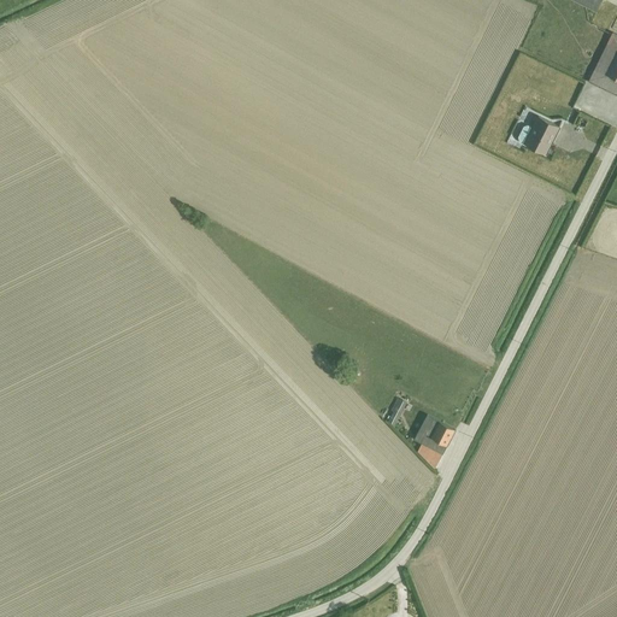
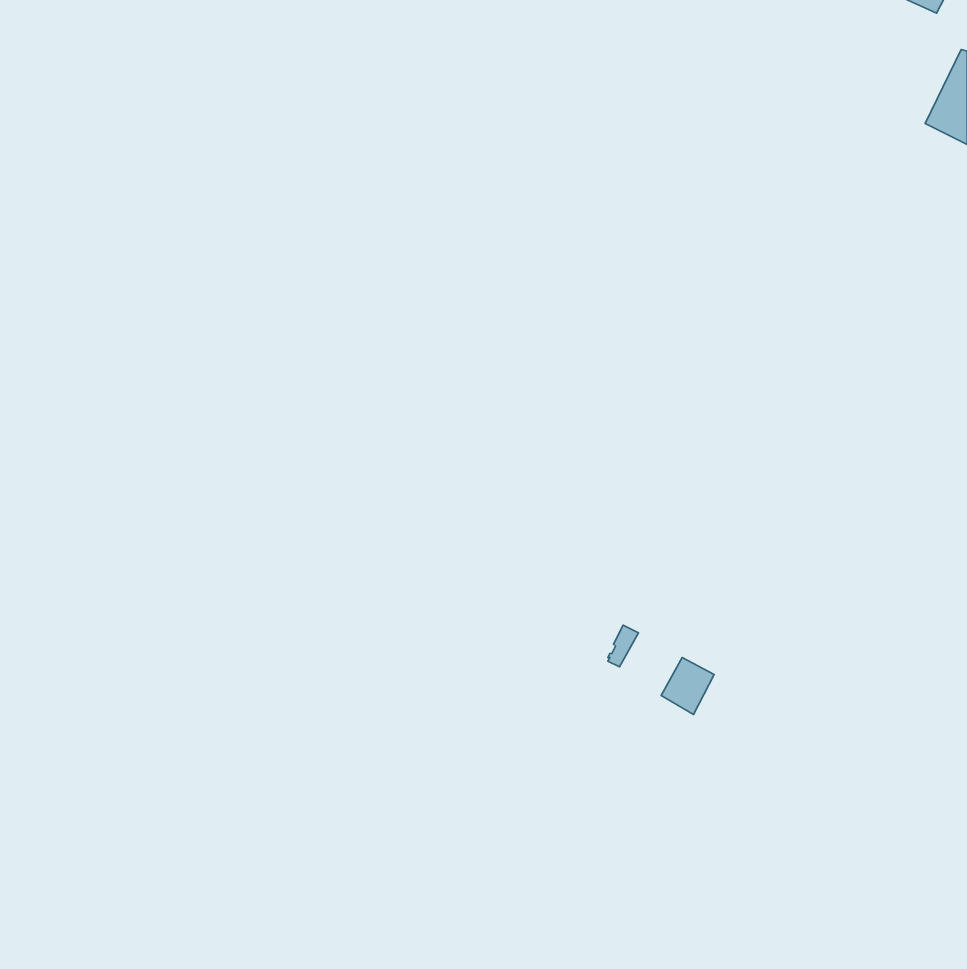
building: [516,113,557,153] -> none

